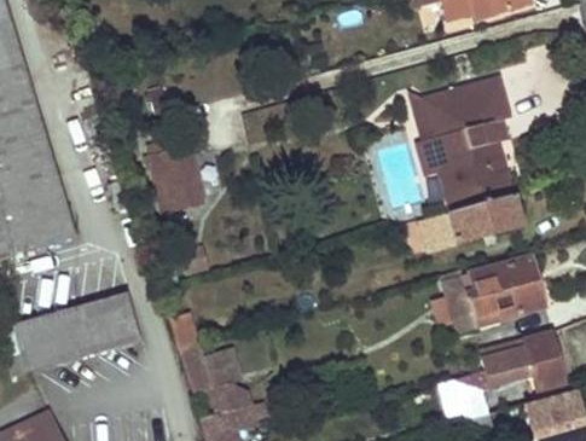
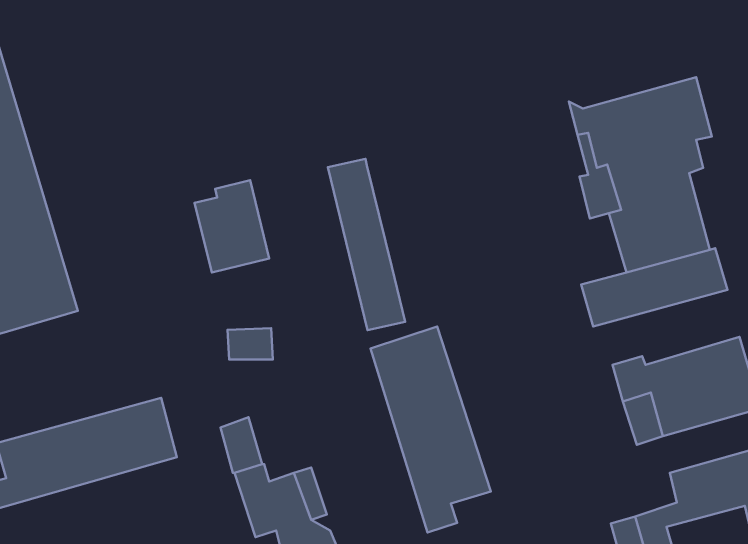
building: none -> [328,159,405,330]
building: none -> [371,326,491,532]

